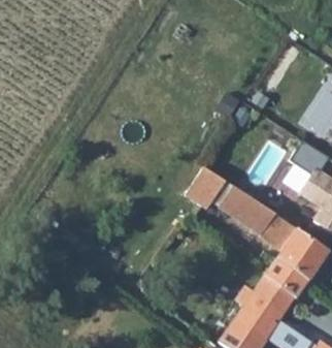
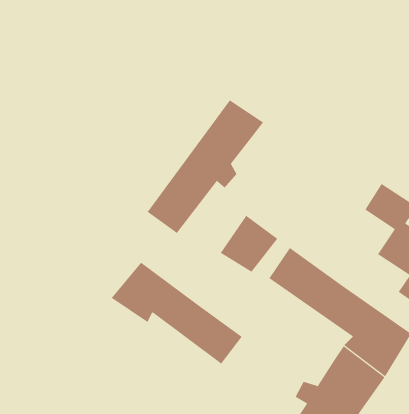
building: none -> [147,100,264,234]
building: none -> [111,262,242,364]

